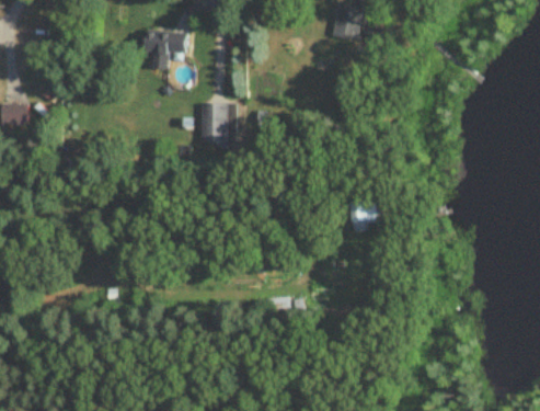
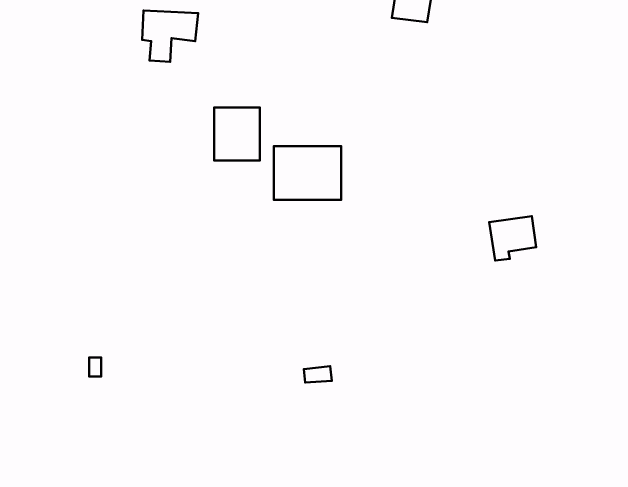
building: none -> [274,146,341,200]
building: [351,198,386,231] -> [489,216,536,260]

